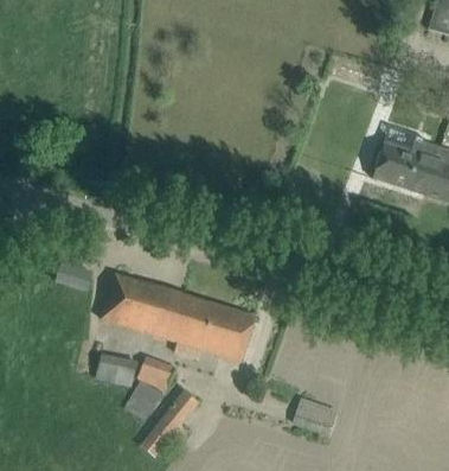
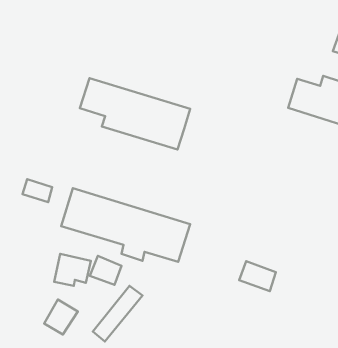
building: none -> [80,78,190,149]
building: [122,378,162,420] -> [44,300,78,334]
building: [291,397,335,433] -> [239,261,276,291]

